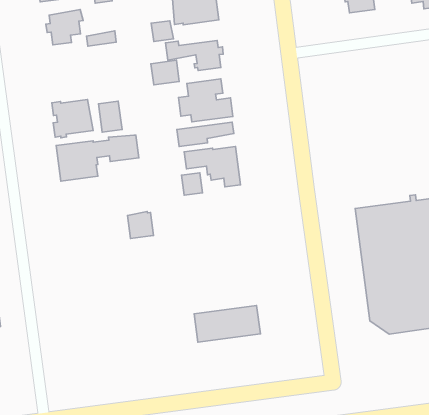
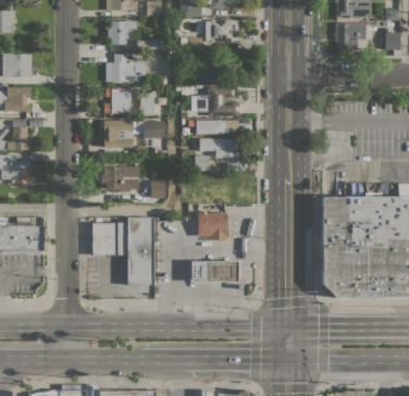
building: none -> [106,53,145,82]
building: none -> [100,165,138,188]
building: none -> [197,212,226,238]
building: none -> [91,218,153,284]

